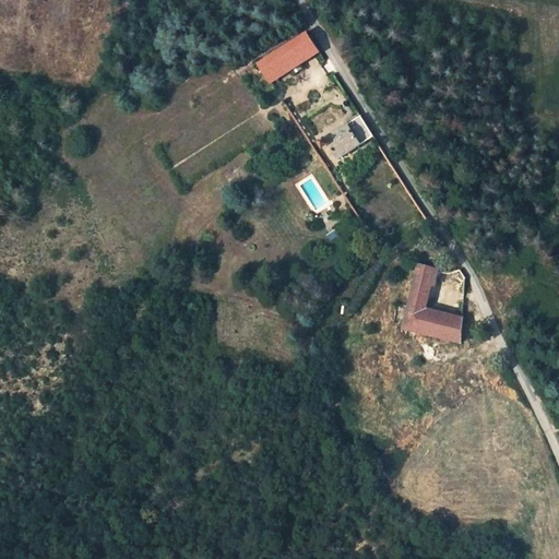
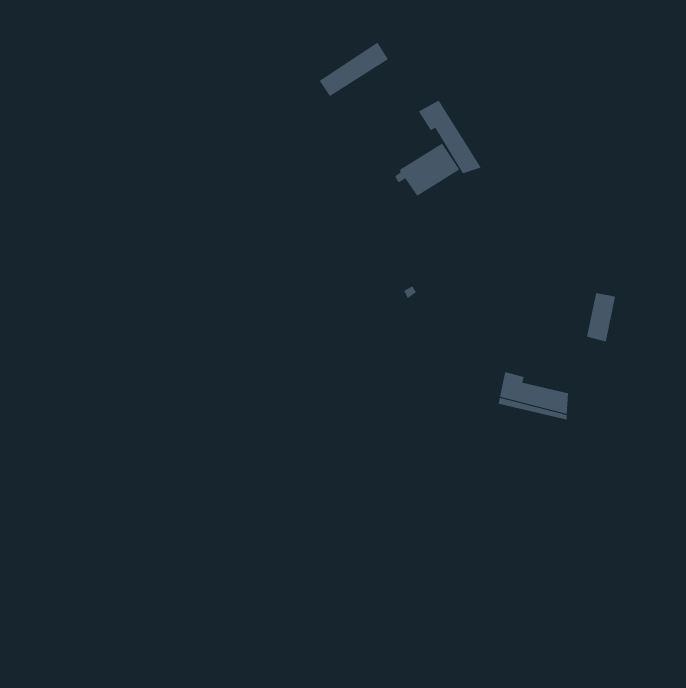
building: none -> [418,100,481,174]
building: [409,265,433,306] -> [586,292,616,342]

